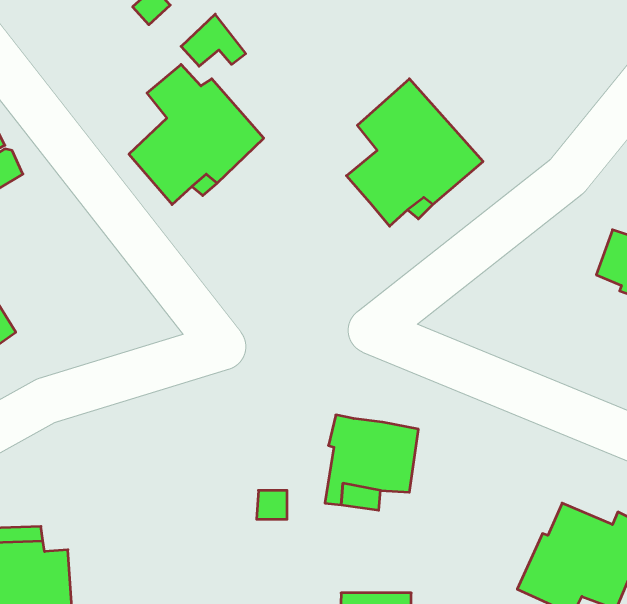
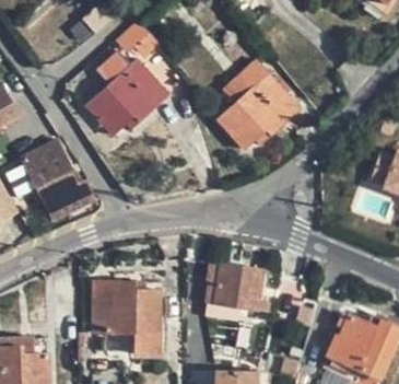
building: none -> [25,142,95,220]
building: none -> [89,275,154,348]

